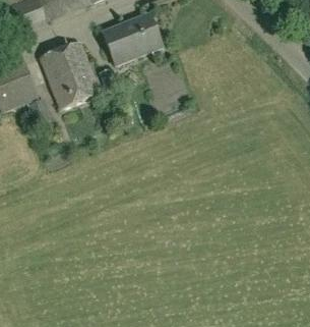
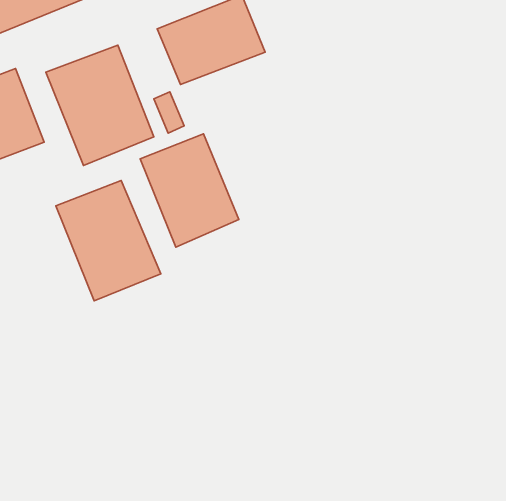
building: none -> [140,134,239,247]
building: none -> [56,180,161,301]

